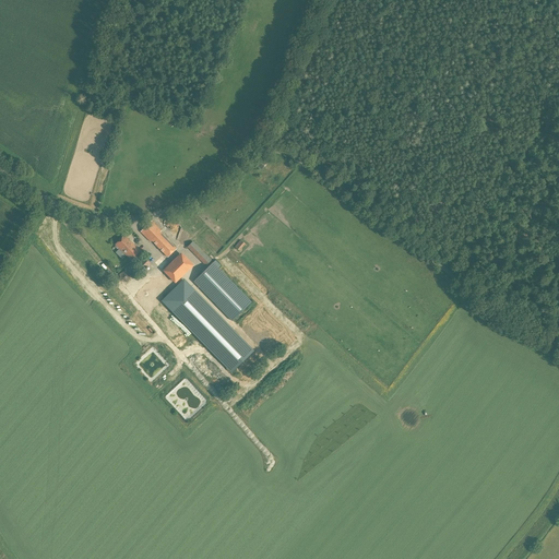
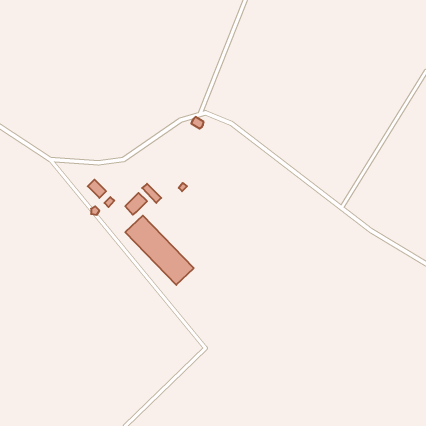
building: [140,221,176,255] -> none
building: [192,261,250,320] -> none

